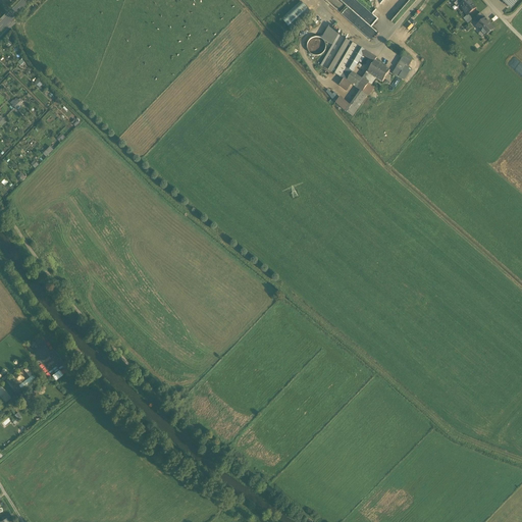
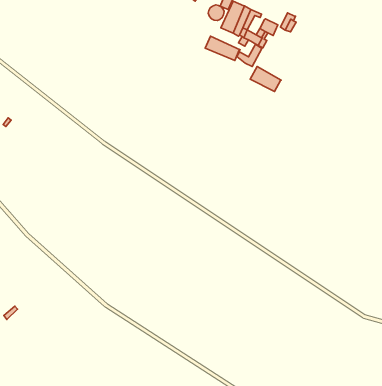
building: none -> [205,36,240,61]
building: none -> [250,66,281,92]

